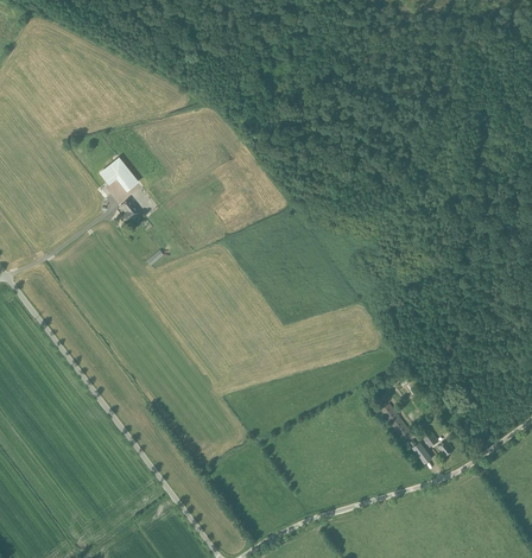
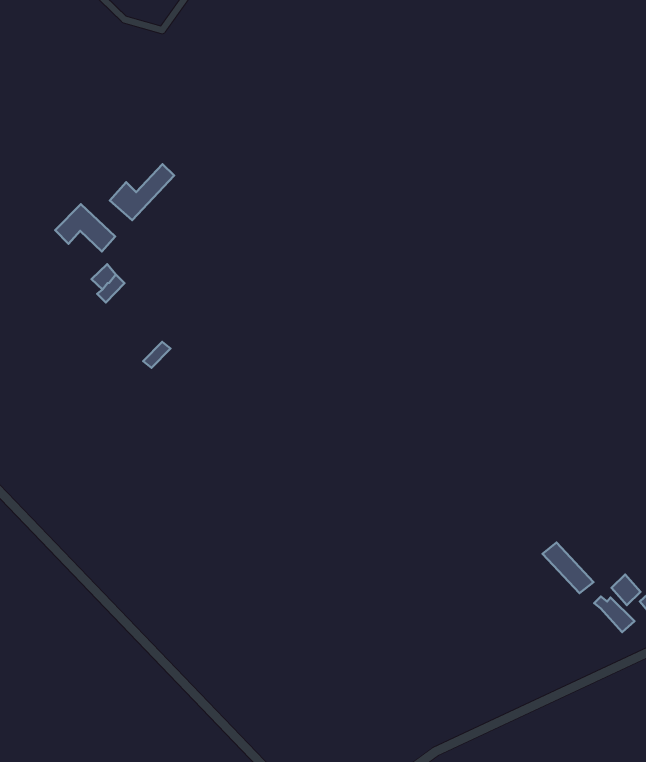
building: none -> [110,164,174,220]

